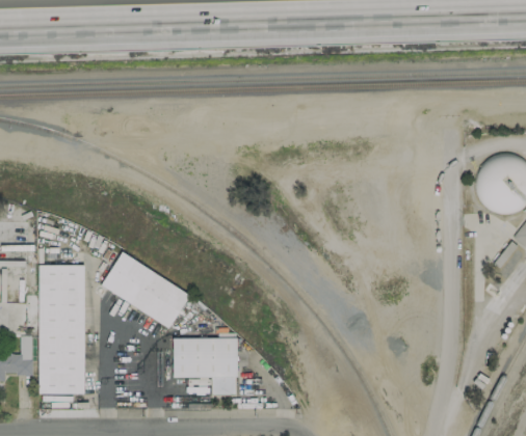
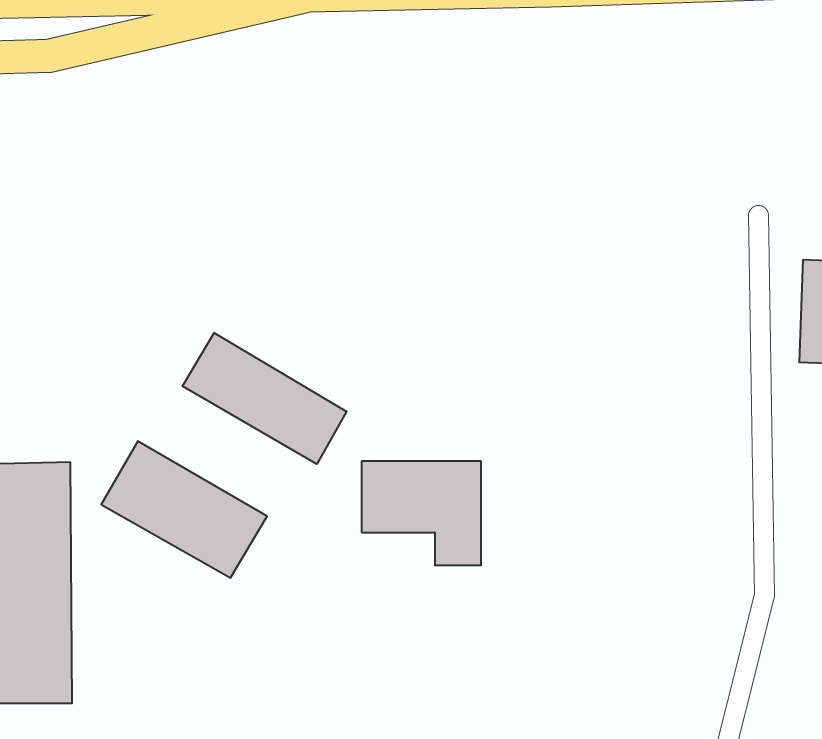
building: none -> [183,333,347,464]
building: [173,338,237,394] -> [362,461,481,565]

